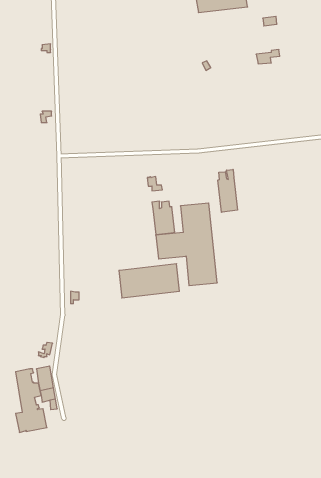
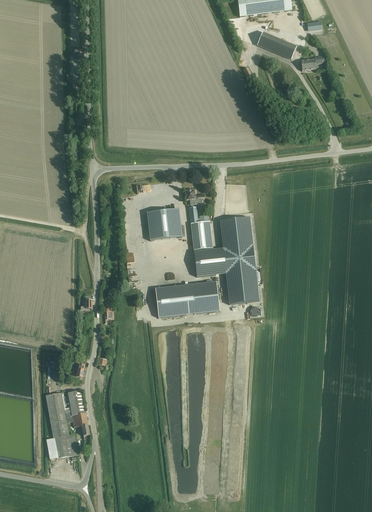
building: none -> [257,31,297,59]
building: [218,169,237,212] -> none
building: none -> [146,209,181,240]

